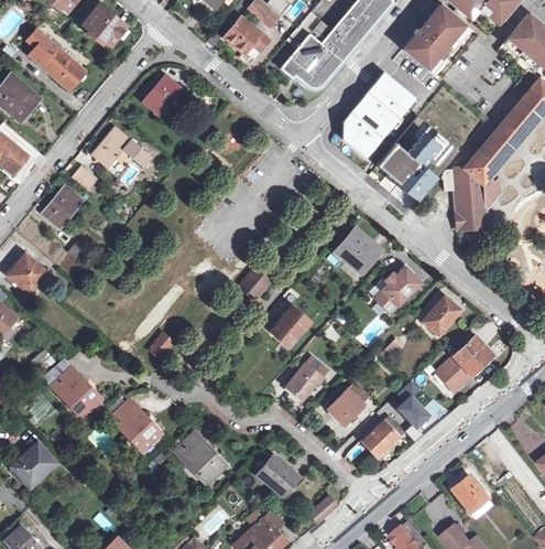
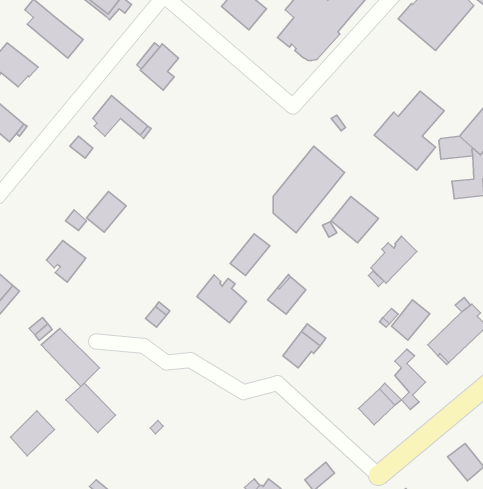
building: [344,71,415,158] -> [273,146,344,233]
building: [43,185,83,226] -> [87,192,126,232]
building: [455,186,478,212] -> none
building: [9,252,48,294] -> [46,241,86,282]
building: [423,294,461,335] -> [392,300,430,340]
building: none -> [197,275,247,323]
building: [328,381,369,423] -> none
building: [111,400,161,450] -> [66,383,115,433]
building: [175,432,227,483] -> none
building: [257,454,298,495] -> none

